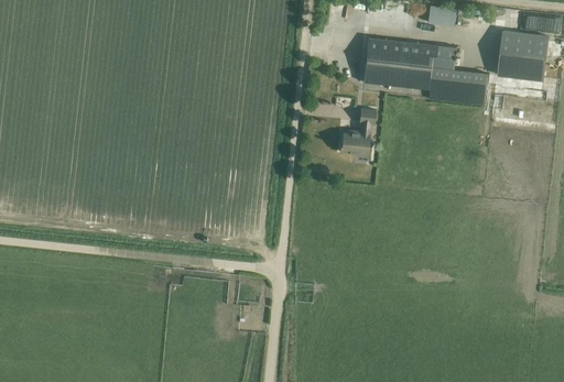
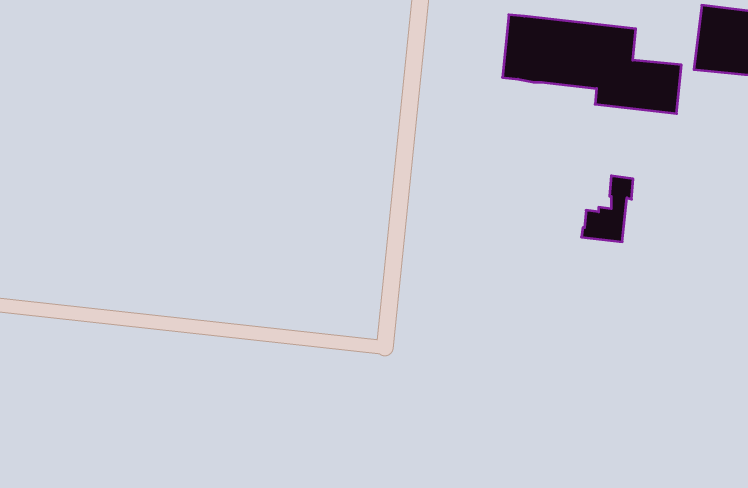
building: [338,108,375,154] -> [581,176,633,242]

